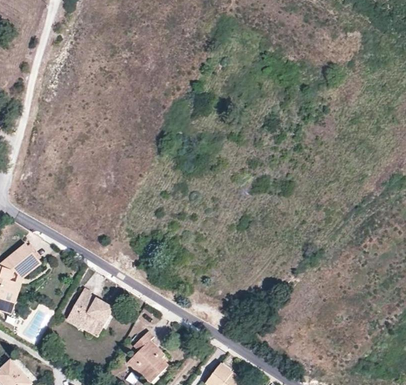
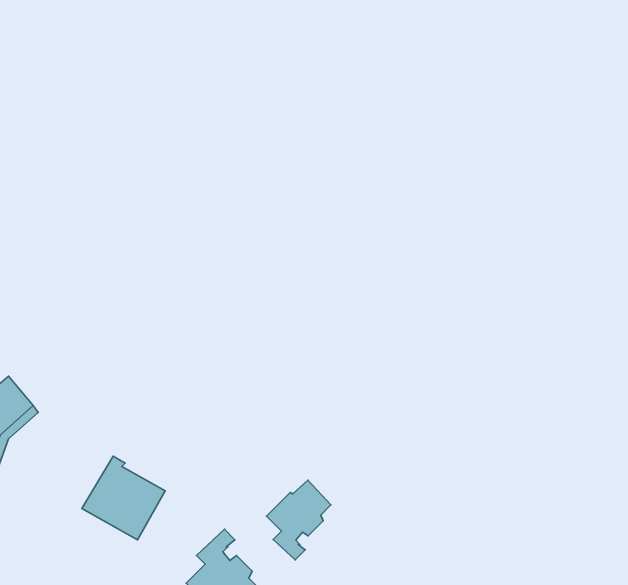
building: none -> [267,480,331,560]

